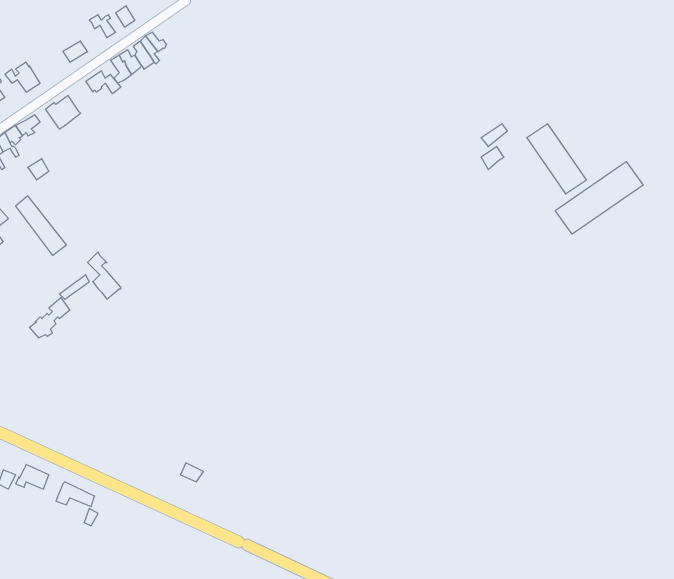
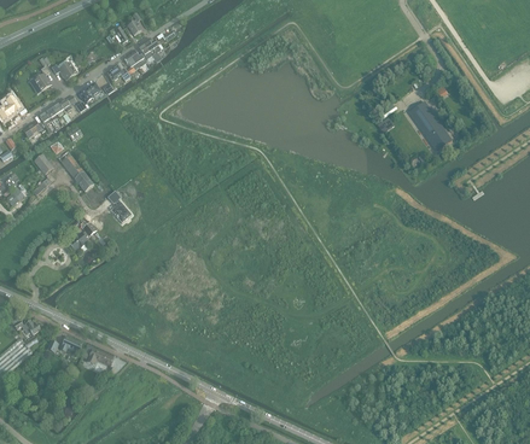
building: [555,162,643,234] -> none

